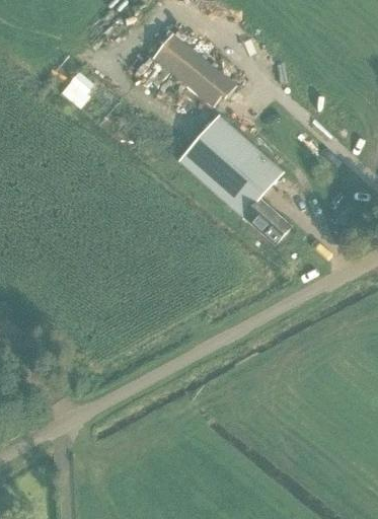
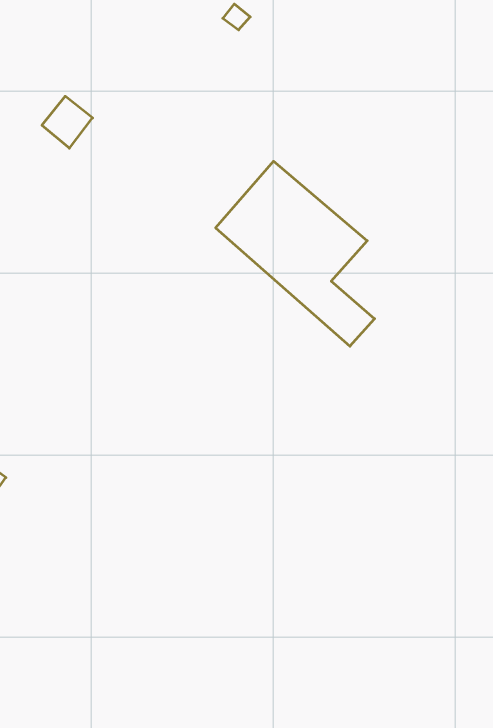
building: [151,32,233,105] -> none

